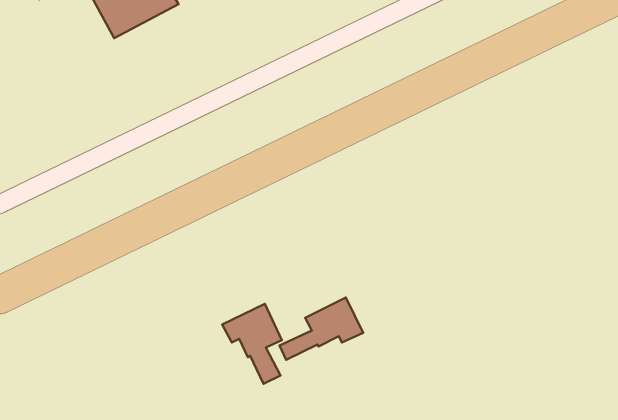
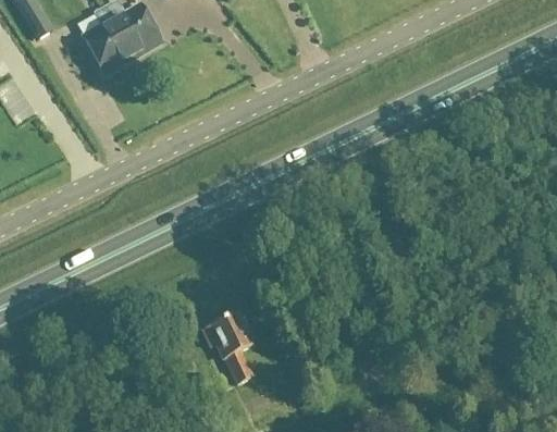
building: [279,297,363,360] -> none

